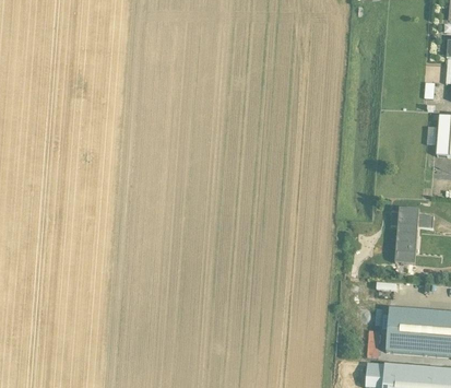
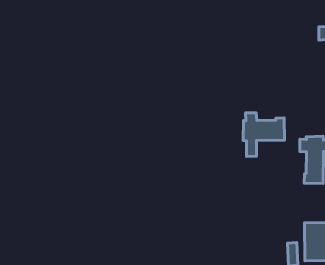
building: none -> [243,113,285,156]

